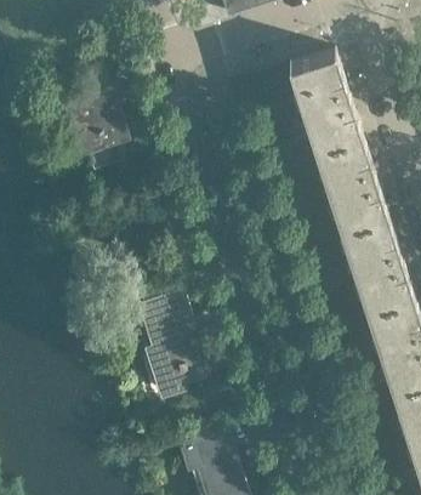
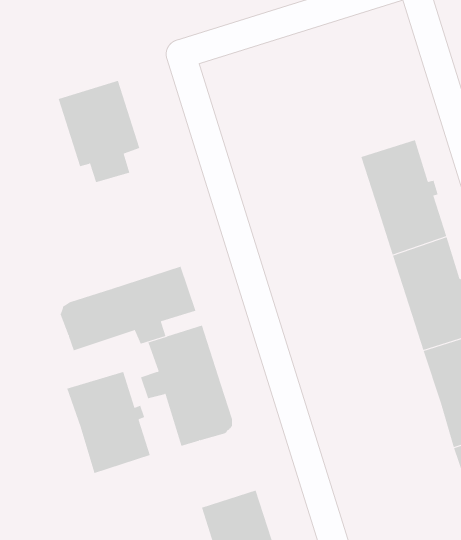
building: [288,51,359,147] -> none
building: none -> [60,266,196,351]
building: none -> [66,371,150,474]

